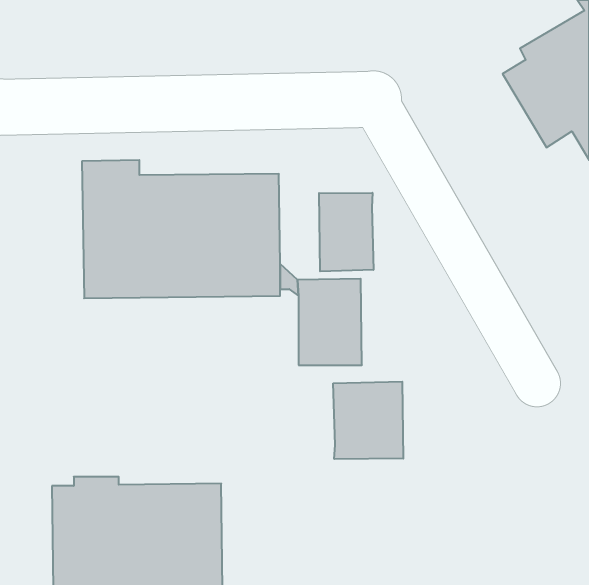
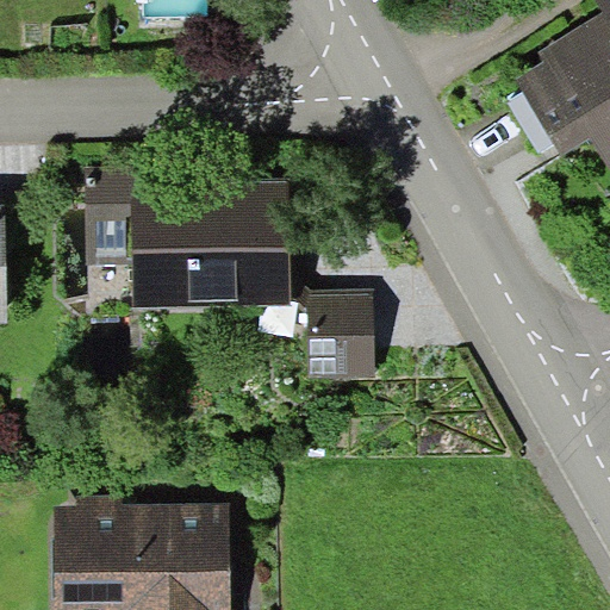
building: [319,193,373,271] -> none
building: [333,382,403,459] -> none

